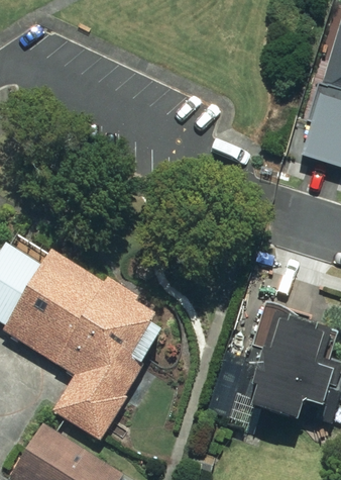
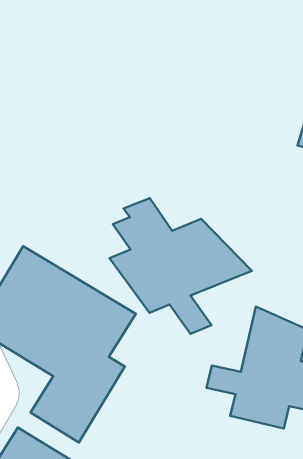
building: none -> [110,198,252,334]

